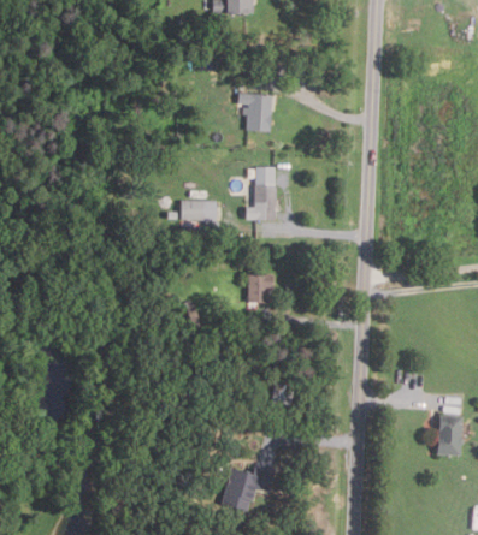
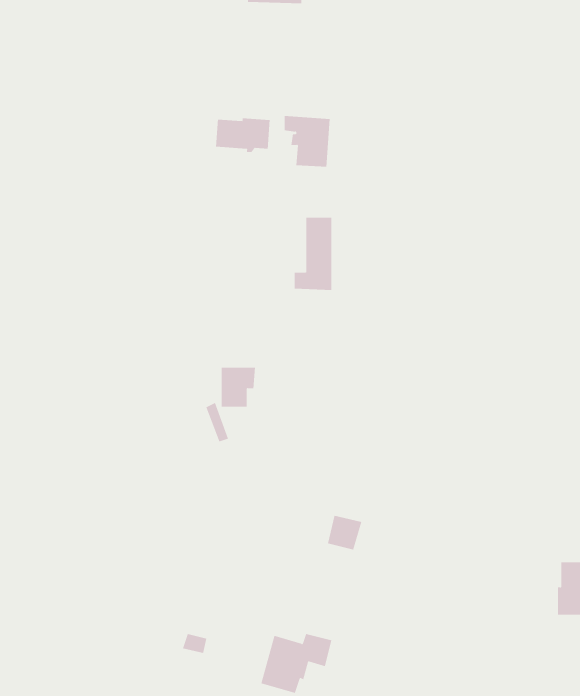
building: none -> [216,117,270,153]
building: [181,200,218,221] -> none
building: [248,274,273,303] -> [221,367,256,407]

